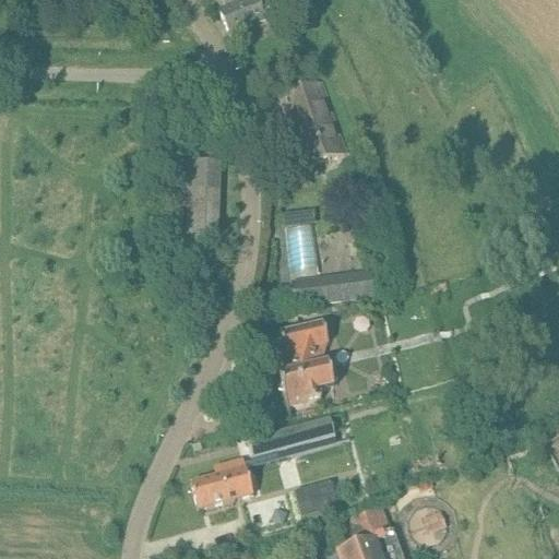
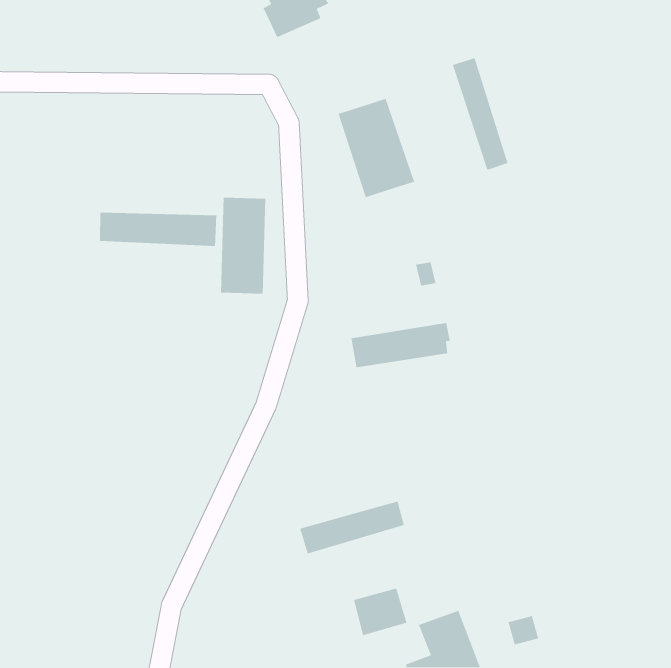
building: none -> [452,57,508,171]
building: none -> [99,212,217,247]
building: [281,320,338,406] -> none
building: [192,457,253,508] -> none

